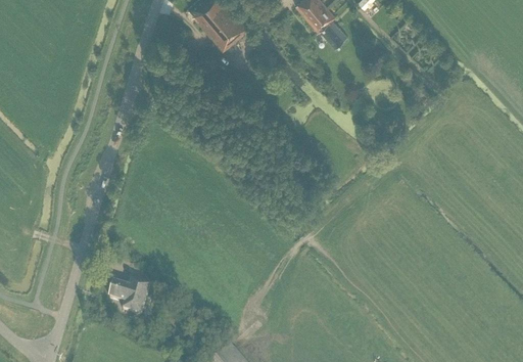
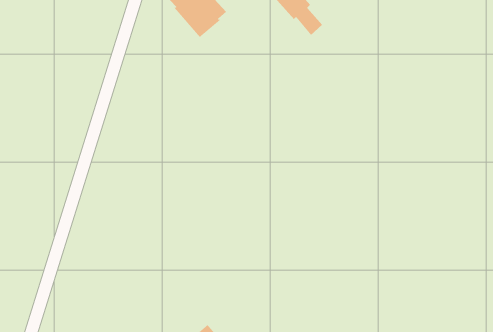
building: [109,279,149,313] -> none

